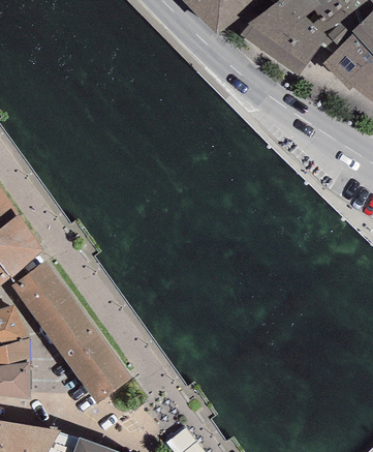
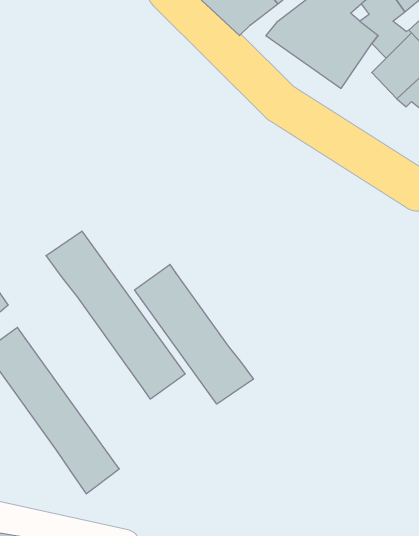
building: none -> [46,231,185,399]
building: none -> [135,264,253,404]

